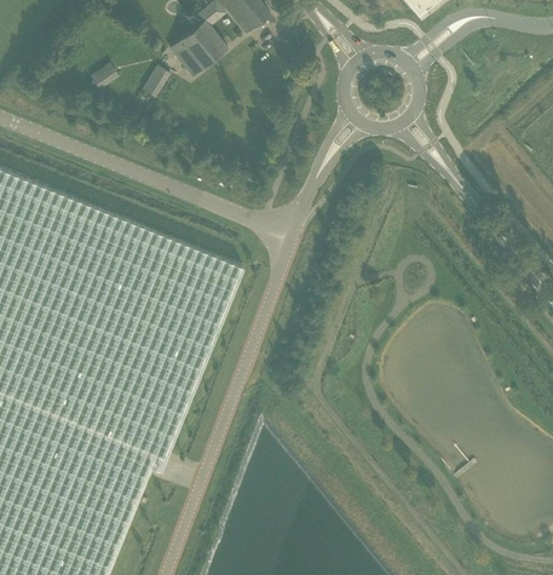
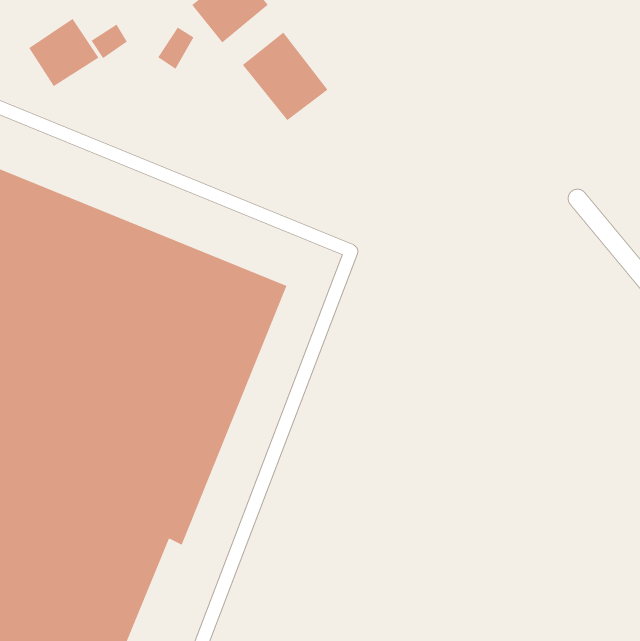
building: none -> [28,18,100,87]
building: none -> [242,31,328,121]

